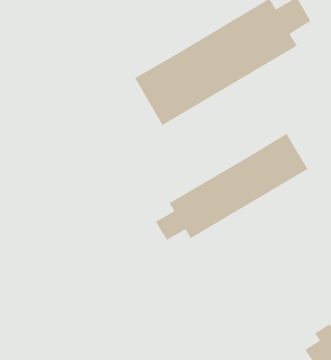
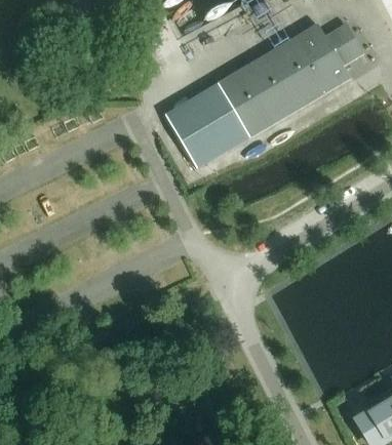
building: [155,133,309,241] -> none

